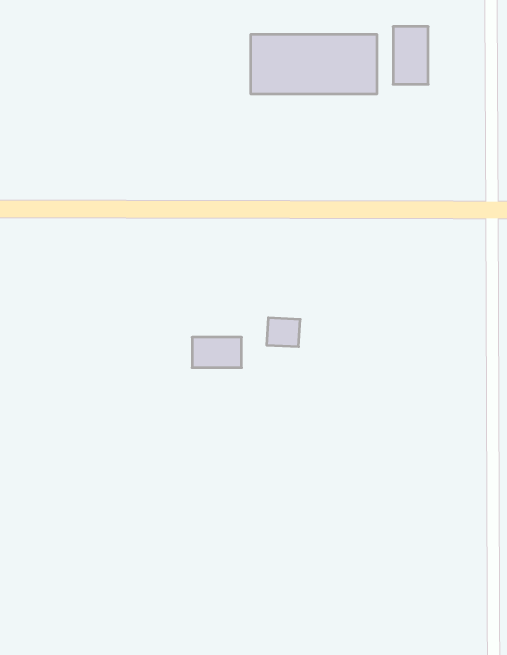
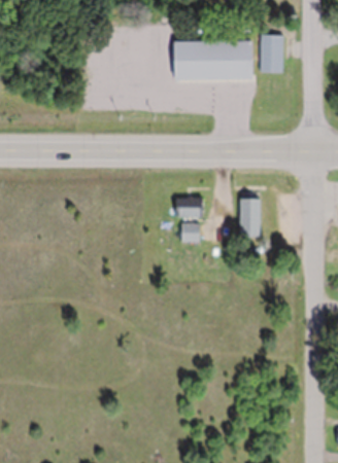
building: none -> [238,199,259,238]
building: [192,337,242,368] -> [173,198,205,217]

